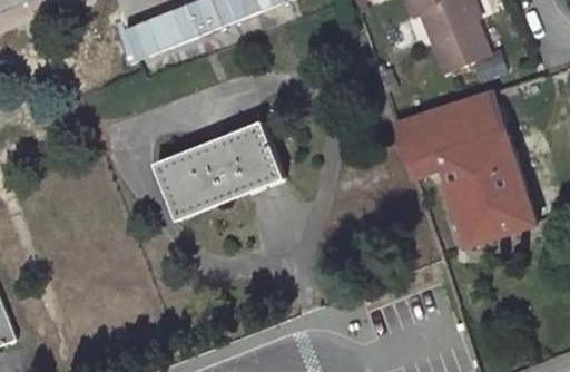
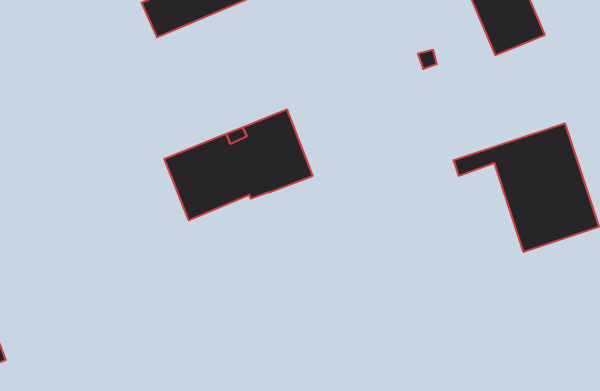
building: [395,94,505,165] -> none

